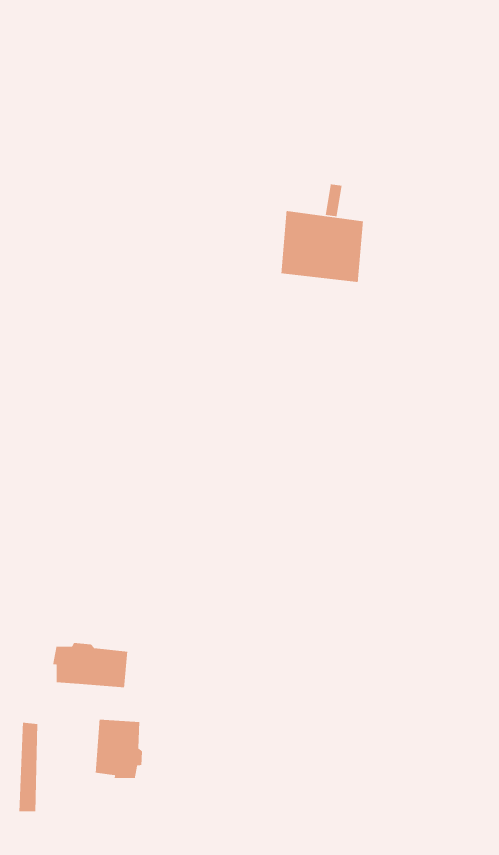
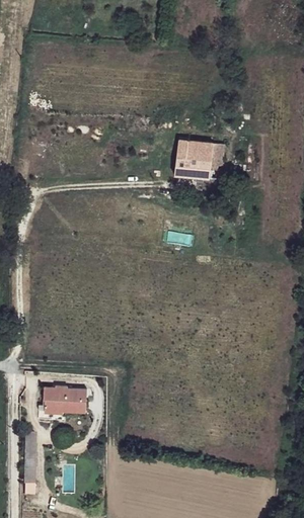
building: [95,719,143,779] -> none

